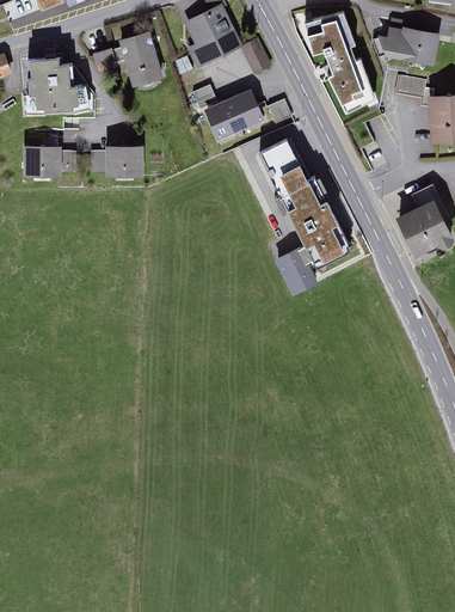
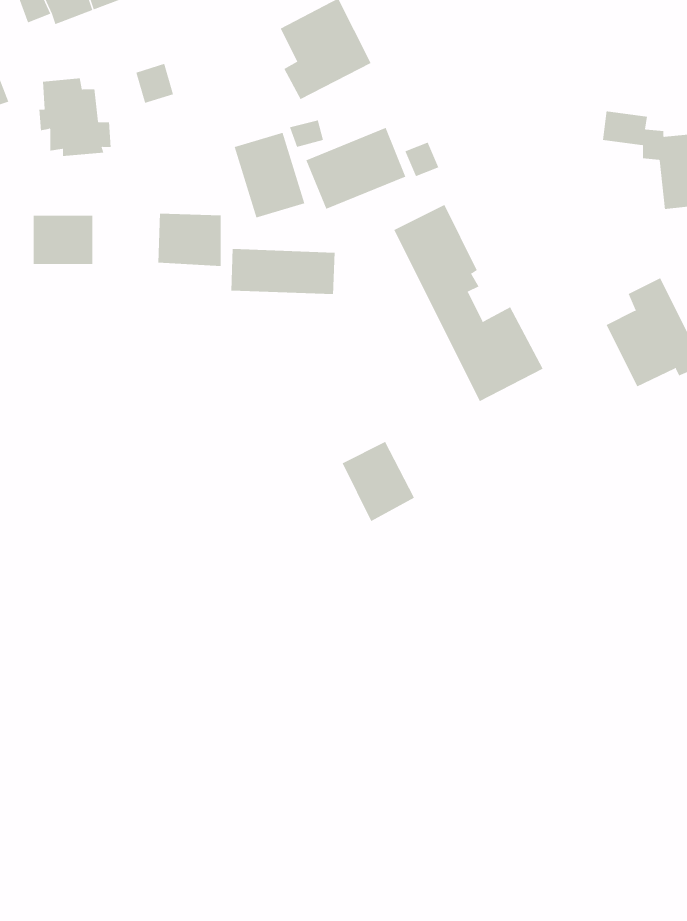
building: [301,10,373,109] -> none
building: [374,22,441,67] -> none
building: [115,29,161,85] -> [234,132,305,218]
building: none -> [231,248,335,295]
building: [272,245,320,298] -> [342,441,415,522]

